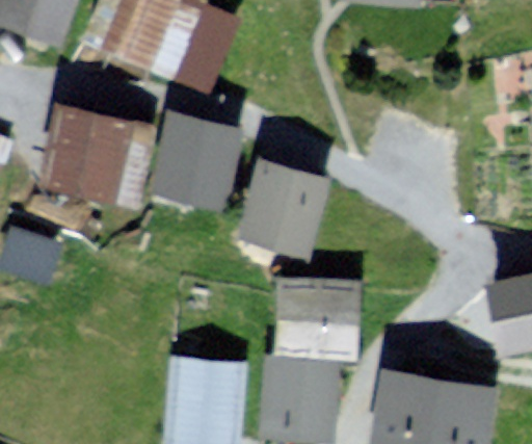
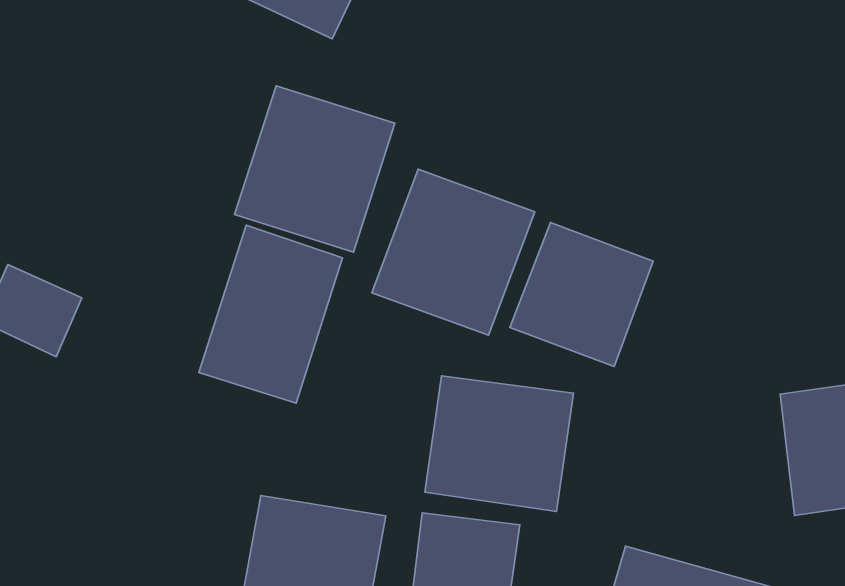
building: [24,95,148,201] -> none
building: none -> [510,223,653,367]
building: none -> [199,225,343,403]

